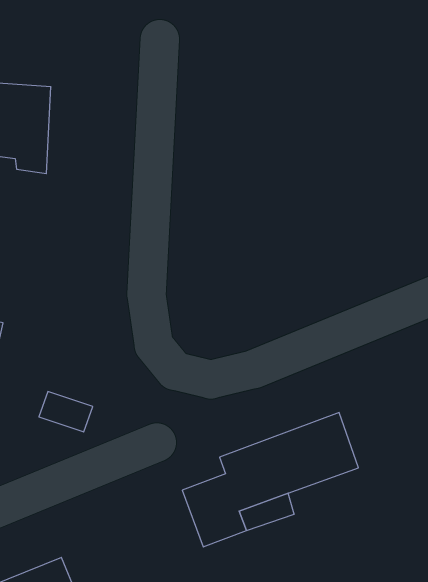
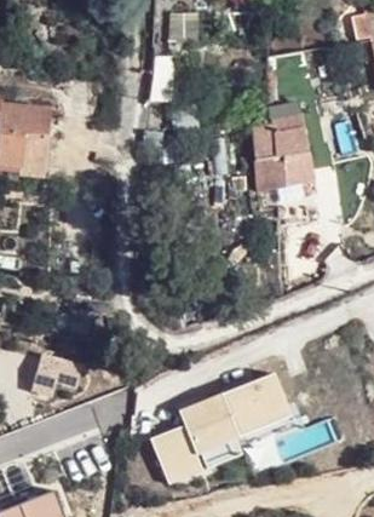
building: none -> [244,102,312,191]

